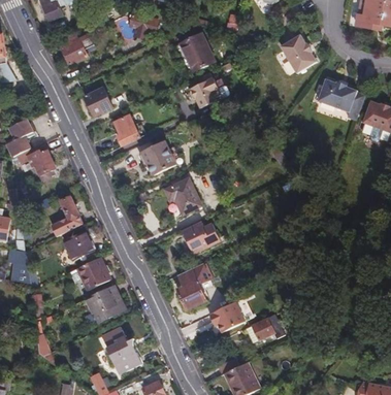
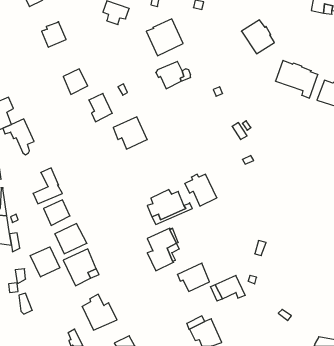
building: [165,177,200,212] -> [185,174,217,206]
building: none -> [30,247,60,277]

